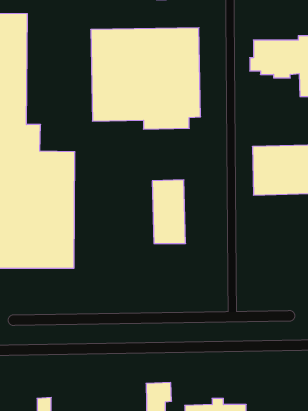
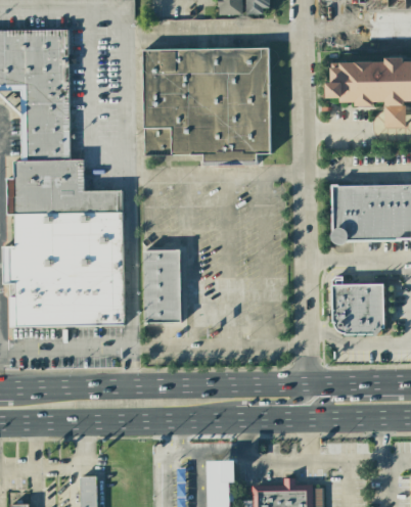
building: [152,180,186,243] -> [144,248,183,322]
building: none -> [332,276,384,334]

